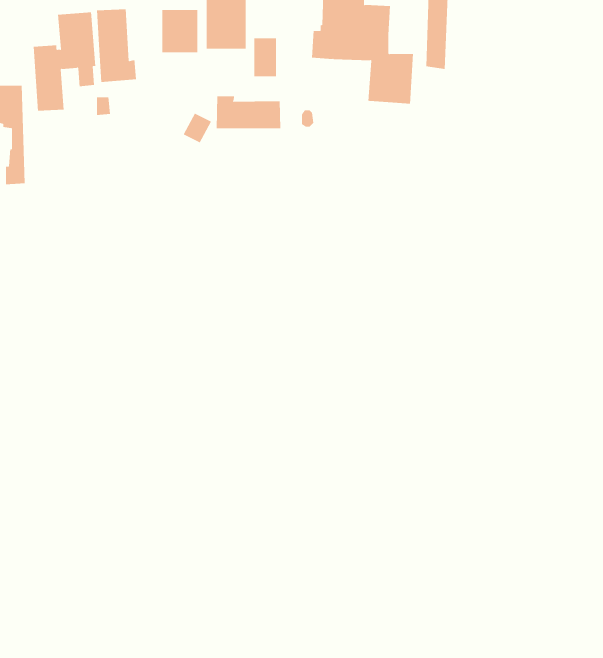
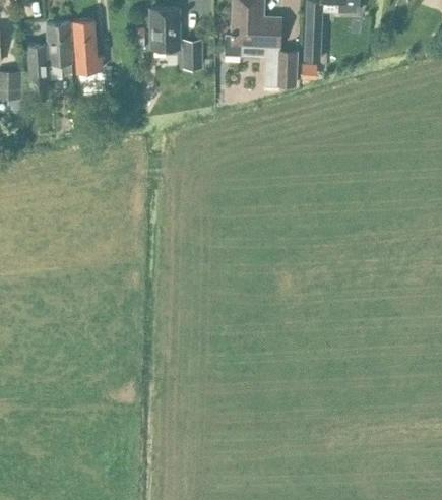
building: [162,9,198,53] -> none
building: [216,95,281,129] -> none

